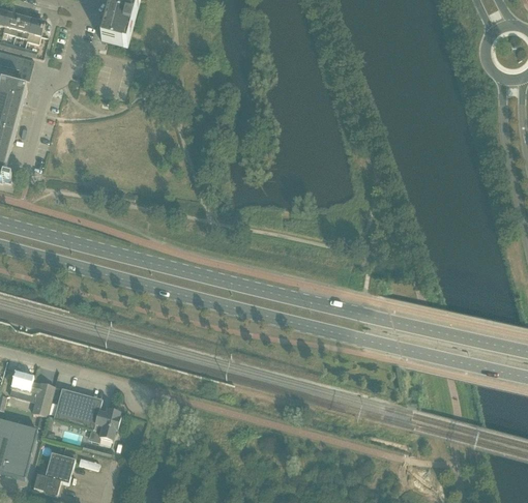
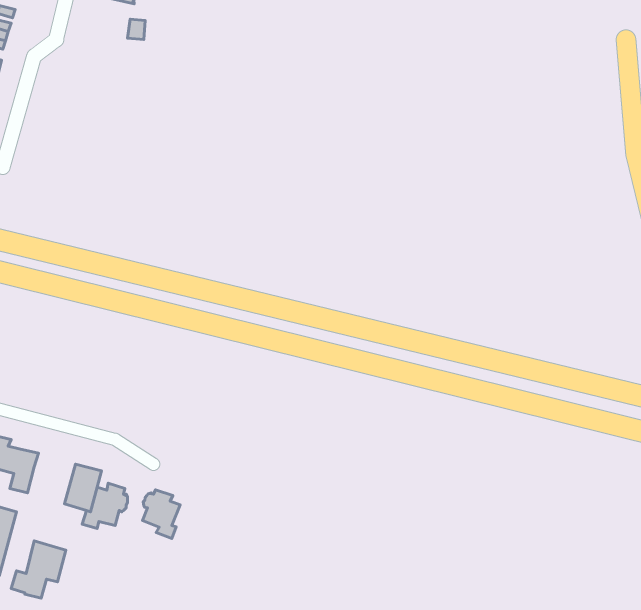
building: [51,386,80,422] -> none
building: none -> [142,490,180,538]

